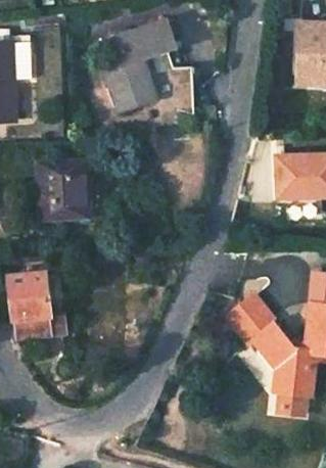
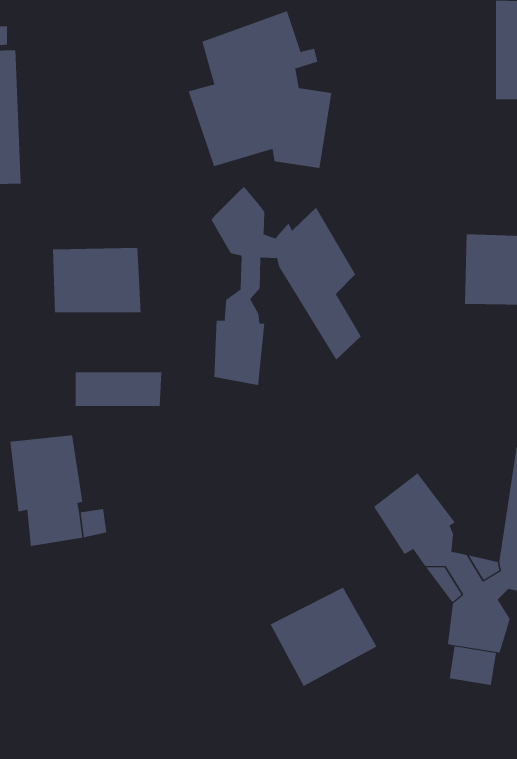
building: none -> [211,186,362,386]
building: [37,198,89,219] -> [75,372,162,406]
building: none -> [270,587,377,687]

